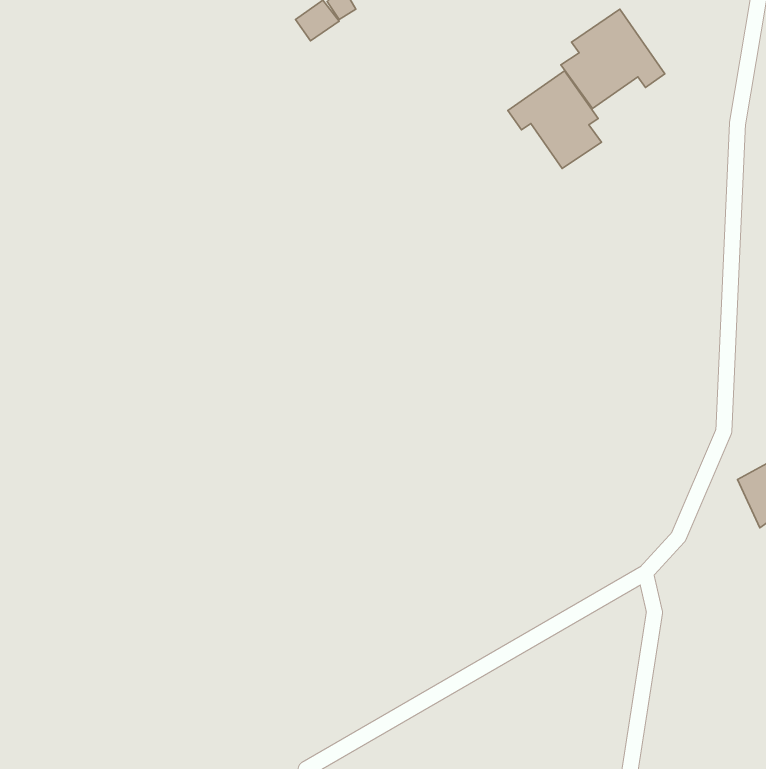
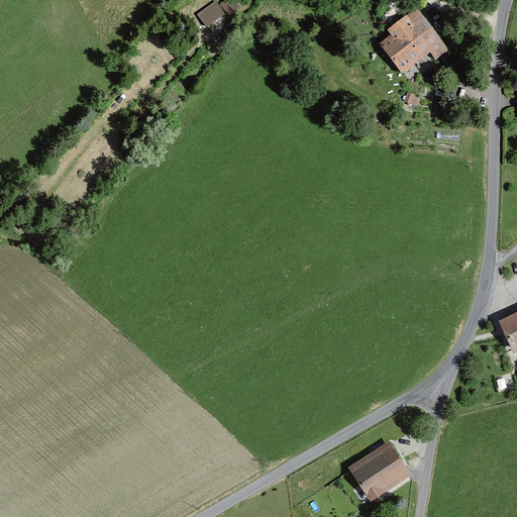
building: [508,71,601,168] -> none
building: none -> [347,441,412,503]

